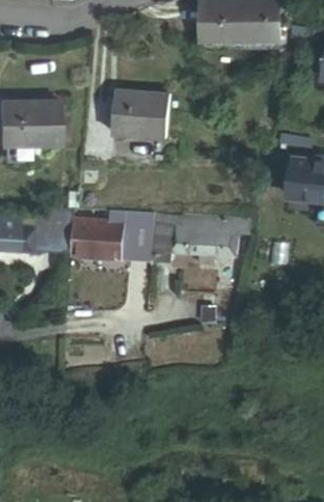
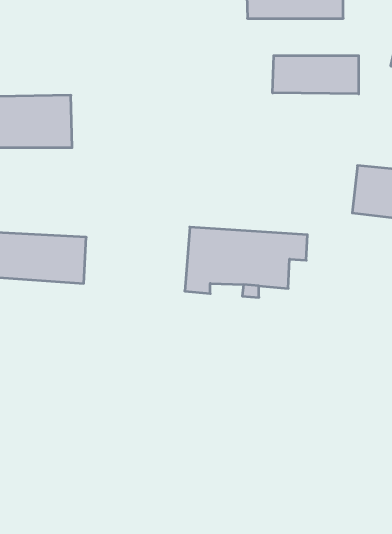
building: none -> [273,56,359,94]
building: [111,90,168,138] -> none
building: [71,208,155,260] -> none

